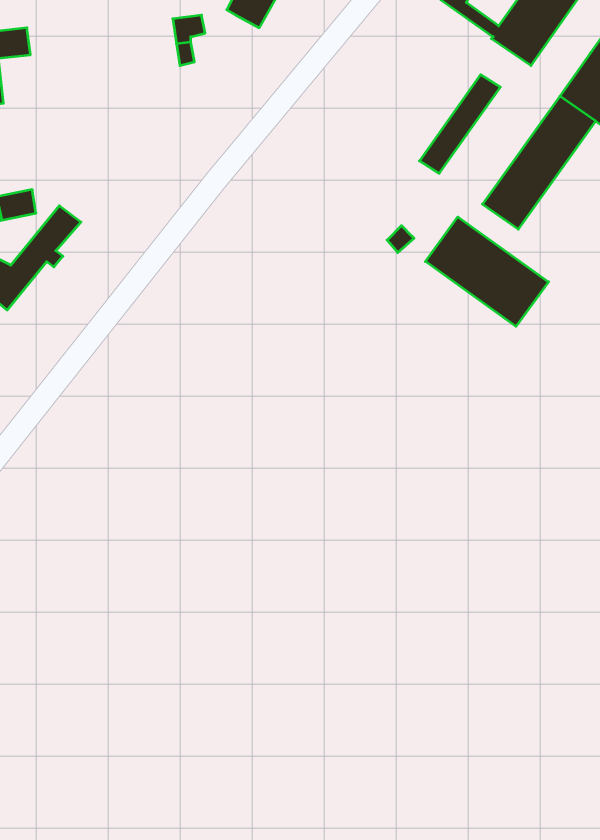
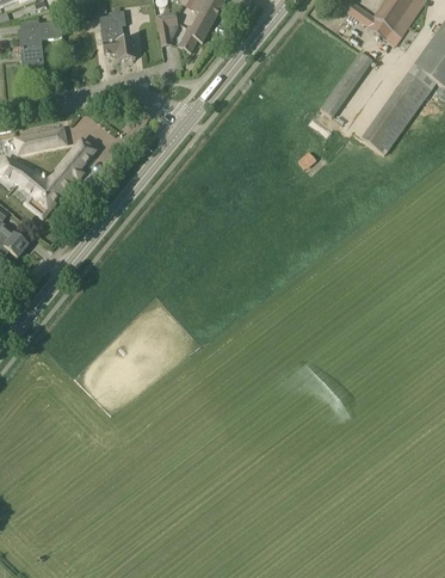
building: none -> [99,11,135,60]
building: none -> [178,12,214,53]
building: [425,217,549,326] -> none

